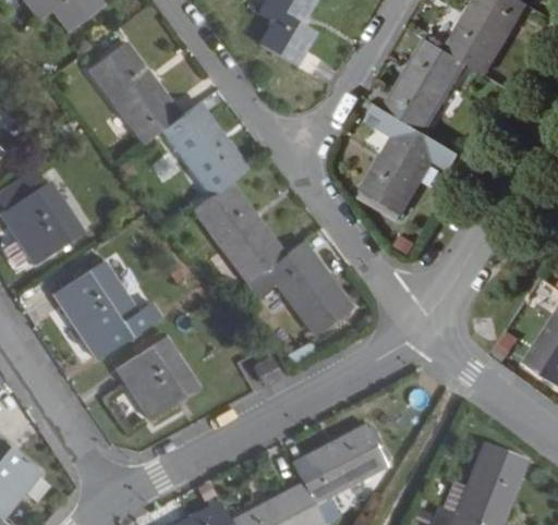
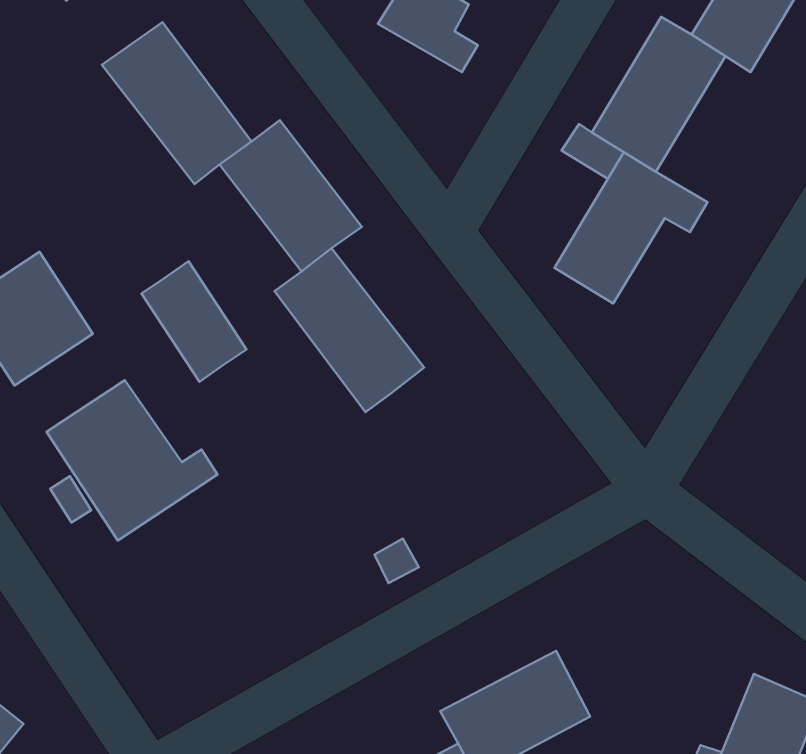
building: none -> [141,261,247,382]
building: [265,242,351,333] -> none
building: [116,335,197,419] -> none

